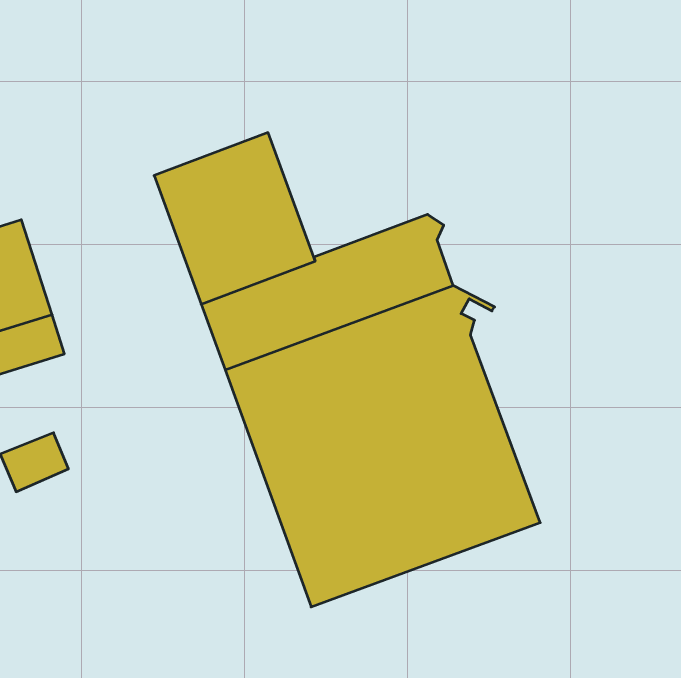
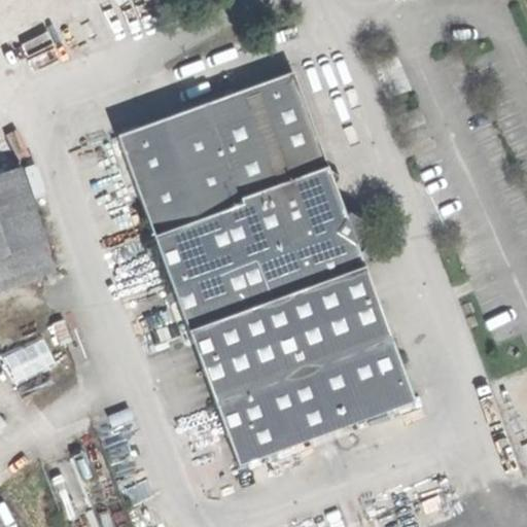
building: none -> [206,70,328,198]

